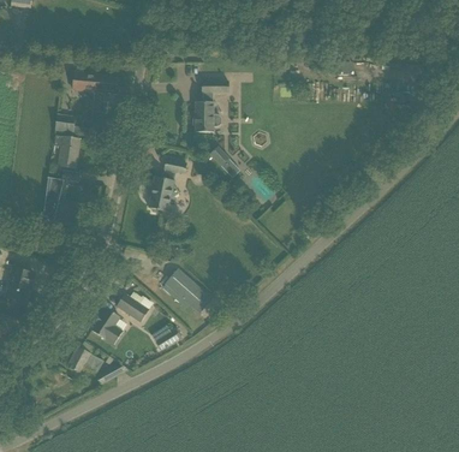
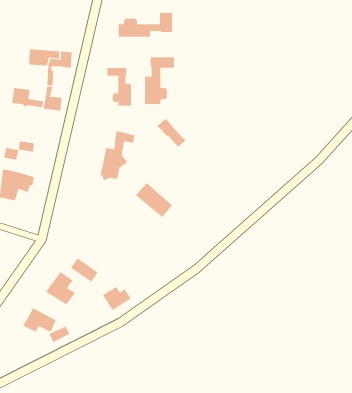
building: none -> [118,12,172,38]
building: none -> [107,67,131,106]
building: [53,135,78,167] -> none
building: [165,269,204,307] -> [135,183,173,218]

